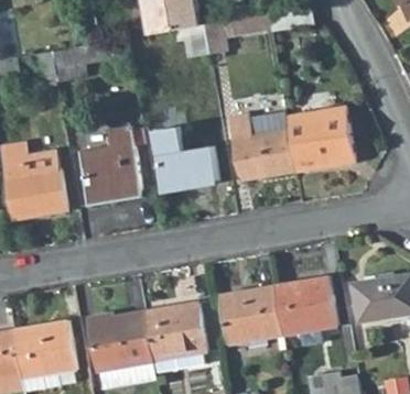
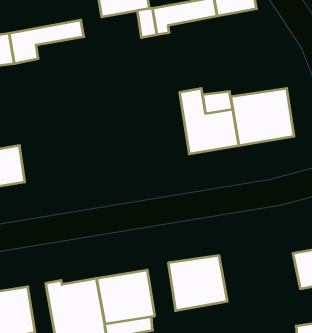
building: [151,124,215,189] -> none
building: [78,127,141,205] -> none
building: [271,277,333,336] -> none

